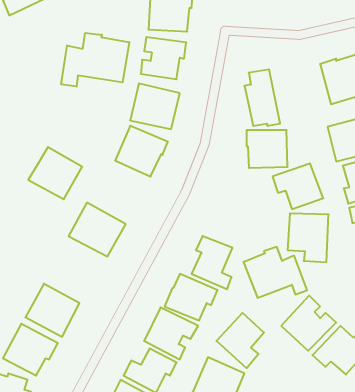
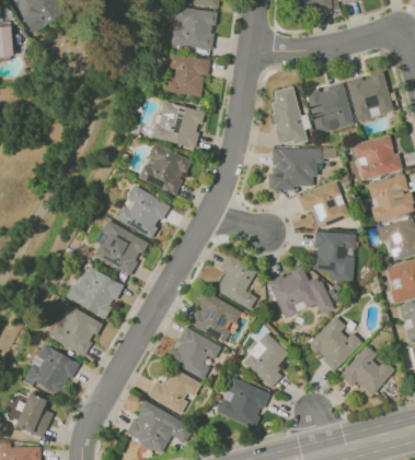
building: [61,33,129,87] -> none
building: none -> [307,82,354,133]
building: [28,147,82,199] -> [115,185,170,237]
building: none -> [65,266,123,318]

